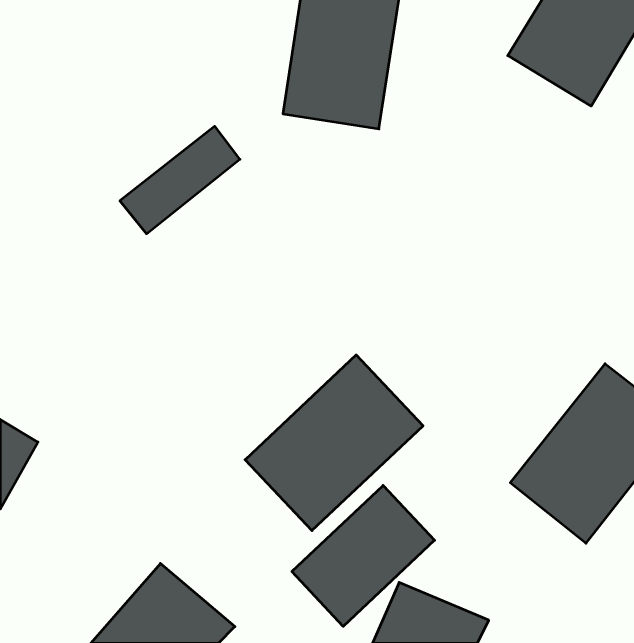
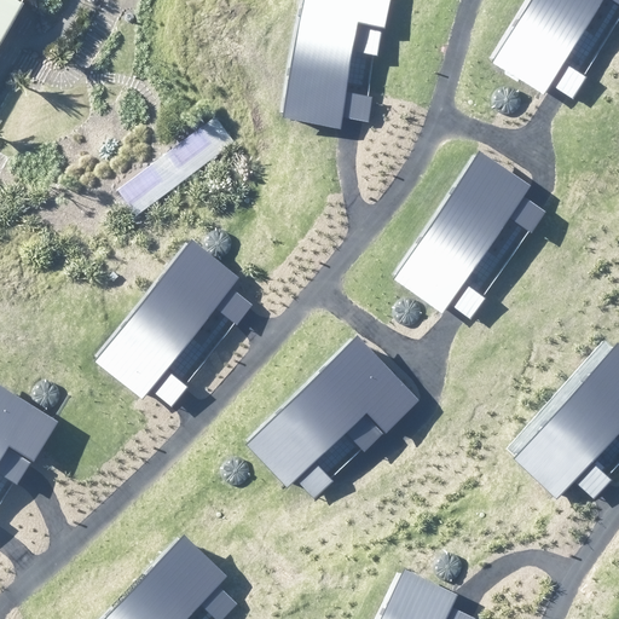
building: none -> [395,152,553,325]
building: none -> [92,241,258,411]
building: [292,485,435,626] -> none

